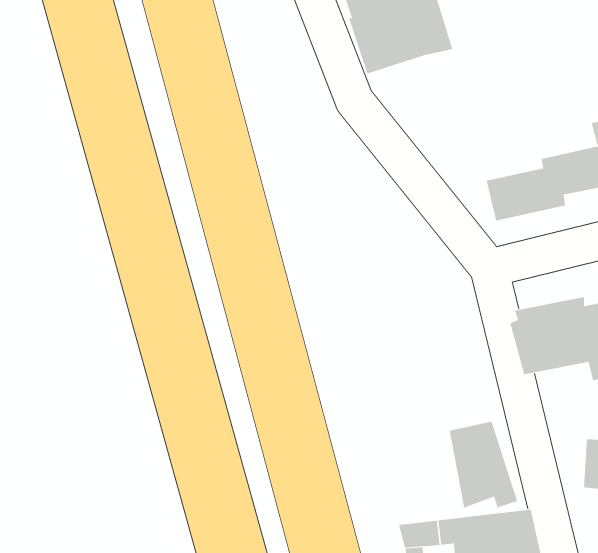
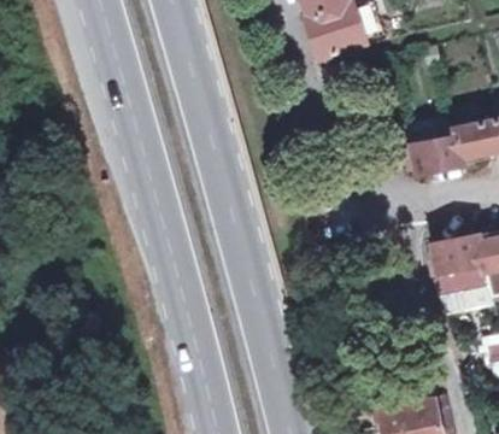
building: [449,421,518,508] -> none

